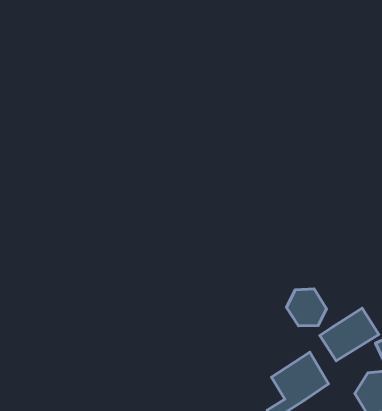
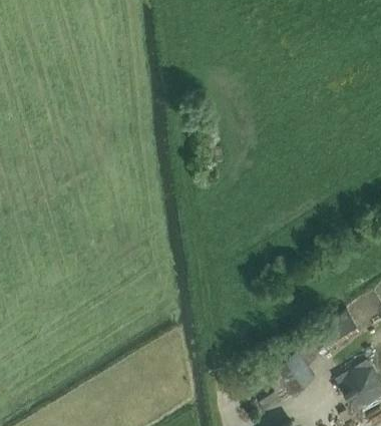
building: [287,289,326,326] -> none

